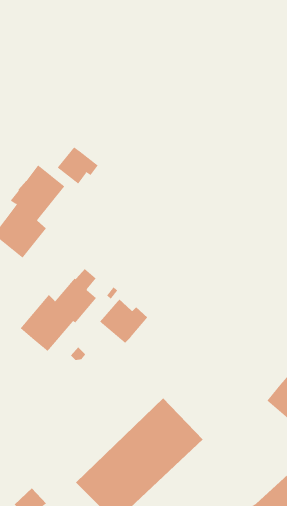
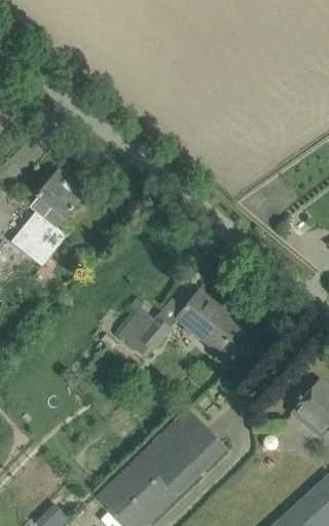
building: [57,147,98,185] -> none
building: [20,268,97,352] -> none
building: none -> [177,291,239,363]

